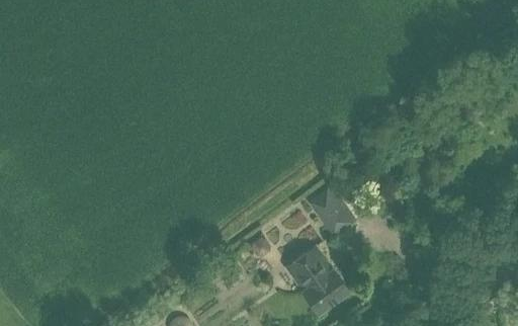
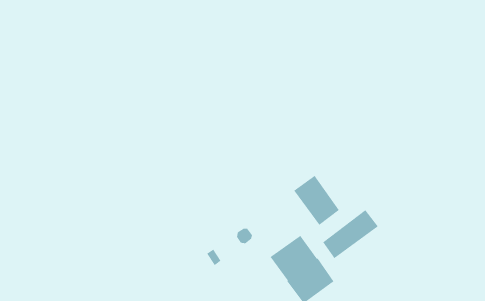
building: none -> [322,209,379,259]

